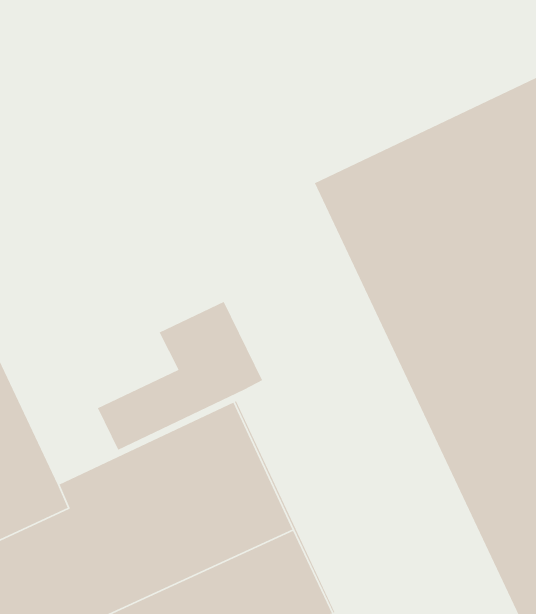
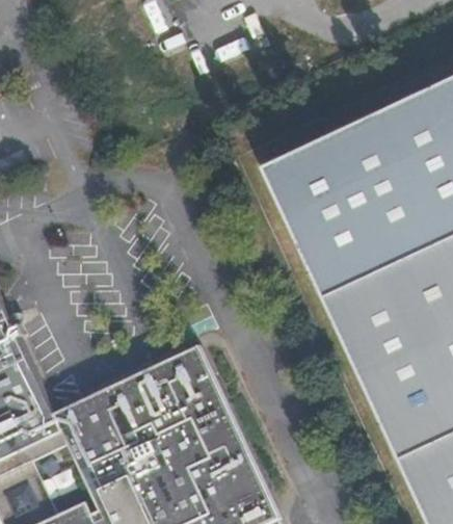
building: [97,301,263,451] -> none

